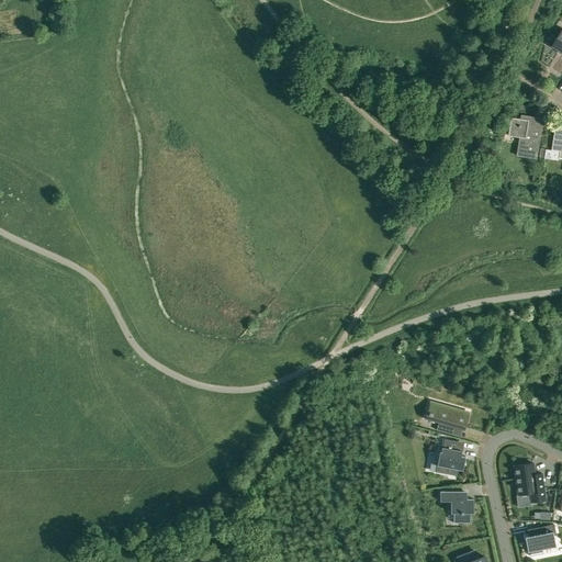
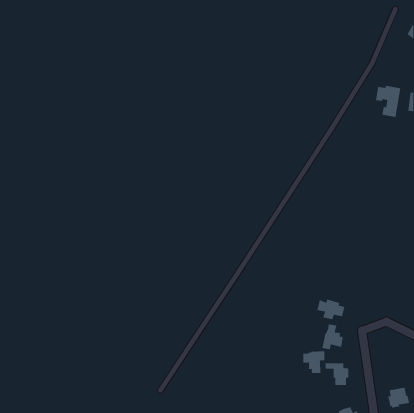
building: [514,464,546,503] -> none
building: none -> [303,351,325,374]

